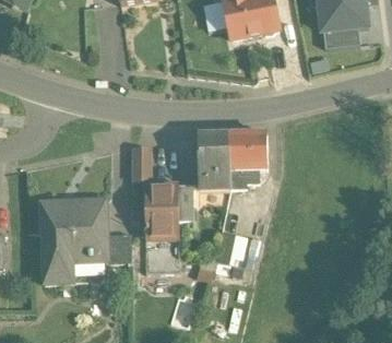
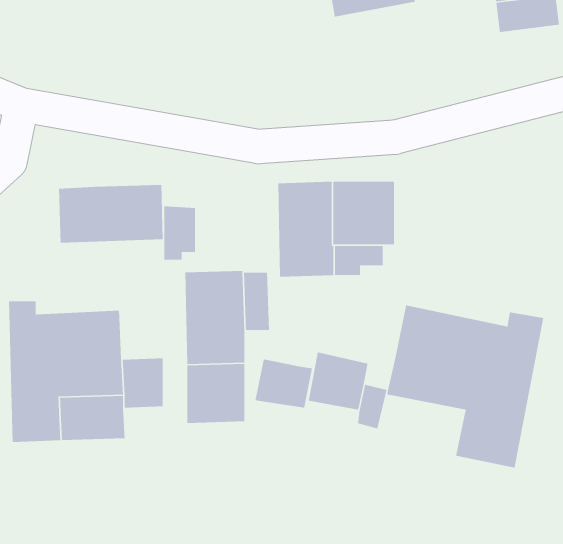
building: none -> [58,184,164,243]
building: none -> [386,305,544,469]
building: none -> [255,358,313,409]

